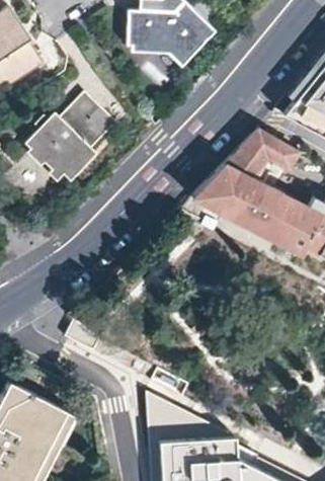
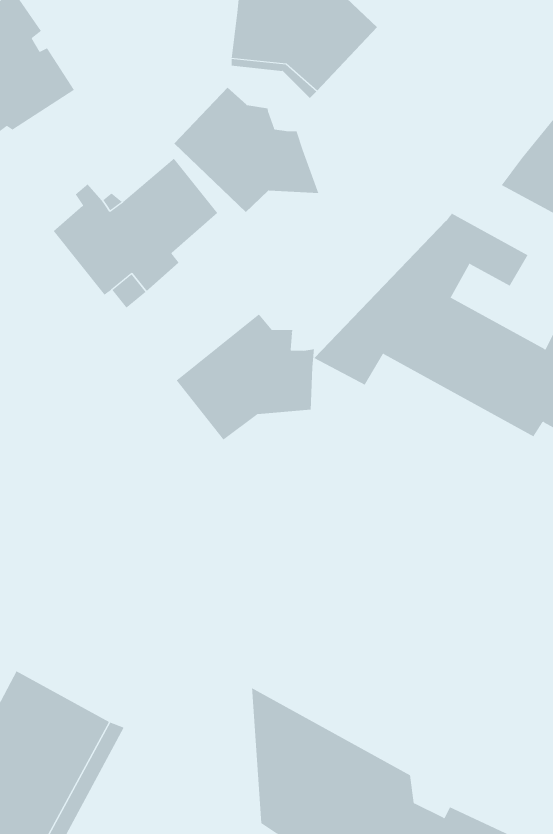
building: none -> [174,87,319,213]
building: none -> [176,314,314,440]

